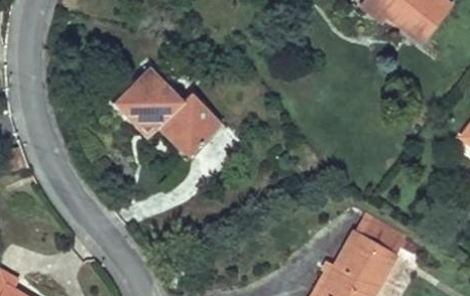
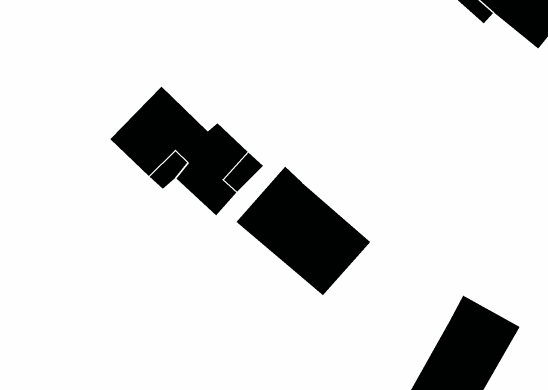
building: none -> [236,166,371,296]

